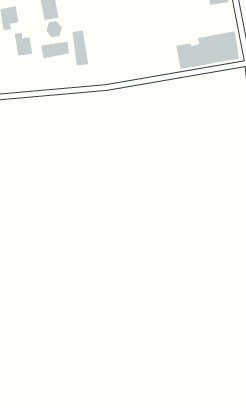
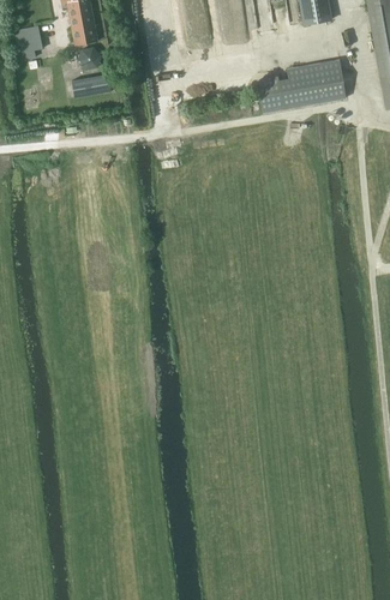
building: [72,29,89,66] -> none
building: [14,32,33,56] -> none

